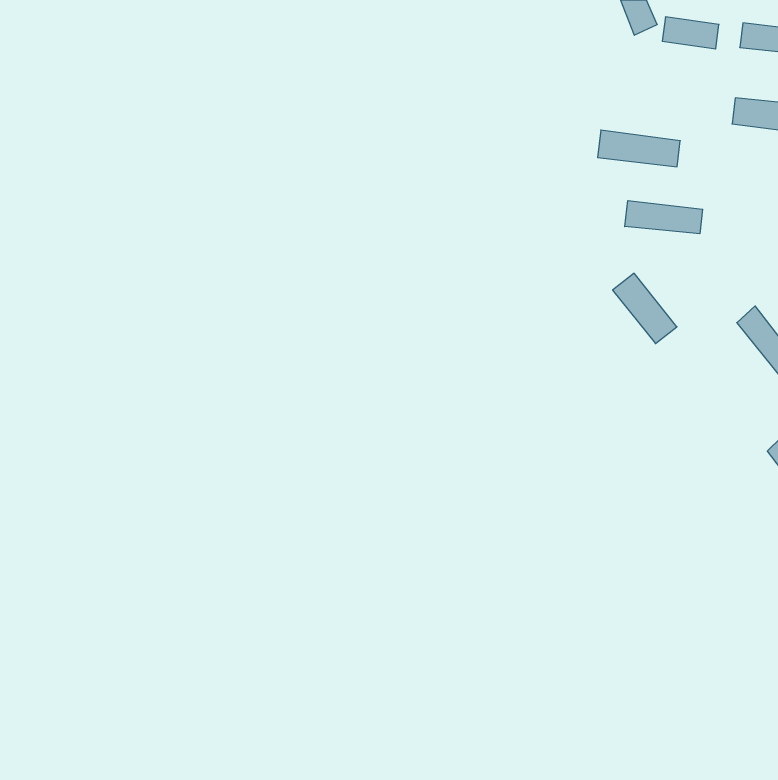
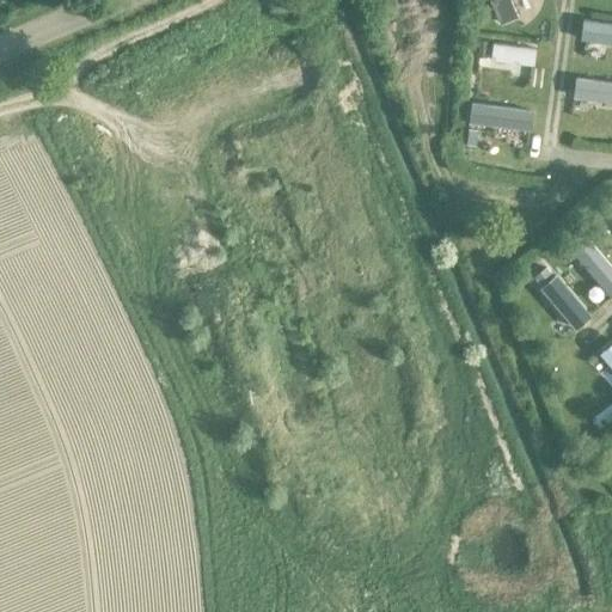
building: [662,17,719,49] -> [491,42,536,67]
building: [625,201,703,234] -> none
building: [613,273,677,344] -> [541,275,592,330]

